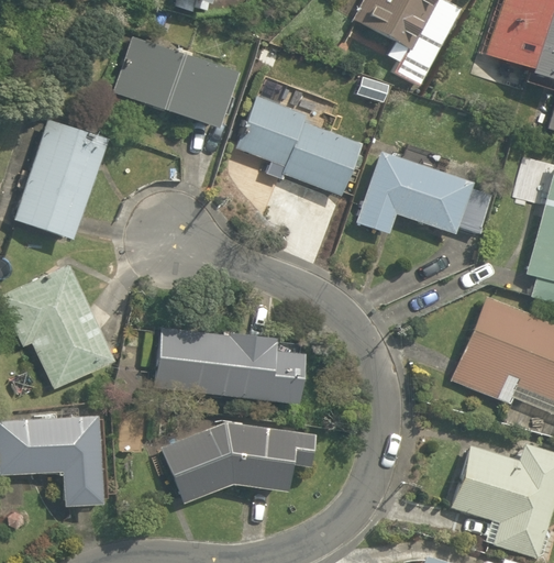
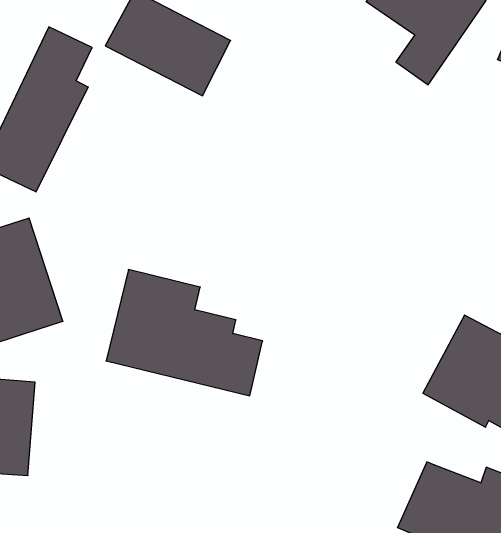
building: [233,89,363,197] -> none
building: [356,147,492,238] -> none
building: [155,418,308,508] -> none

